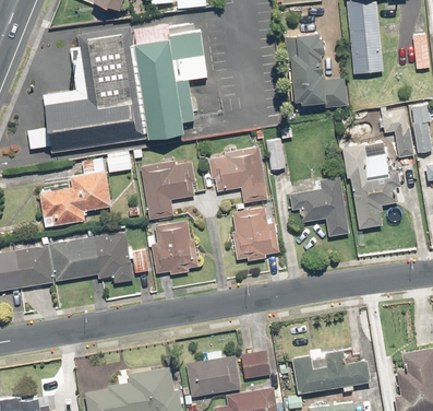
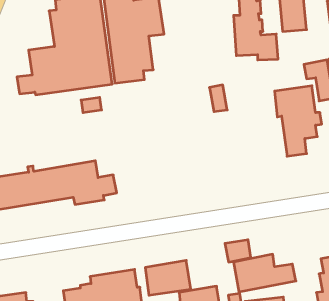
building: [208,145,269,204] -> none
building: [38,160,111,227] -> none
building: [142,162,199,219] -> none
building: [291,176,352,237] -> none
building: [232,207,281,262] -> none
building: [149,222,199,274] -> none
building: [240,350,272,377] -> [225,240,251,262]

